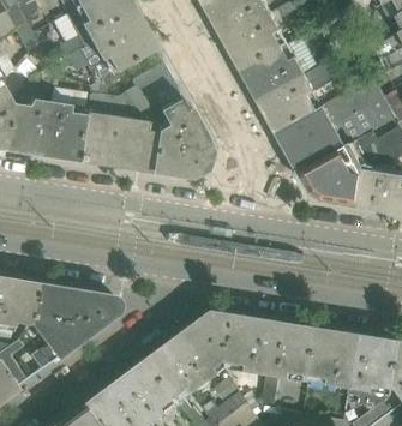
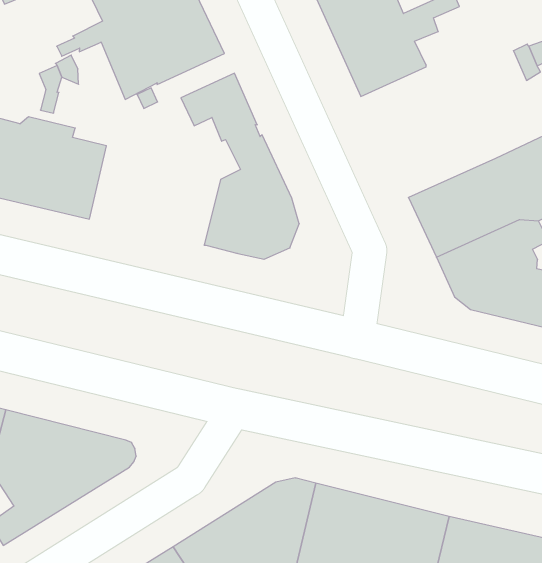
building: [242,37,332,132] -> none
building: [78,94,158,172] -> none

